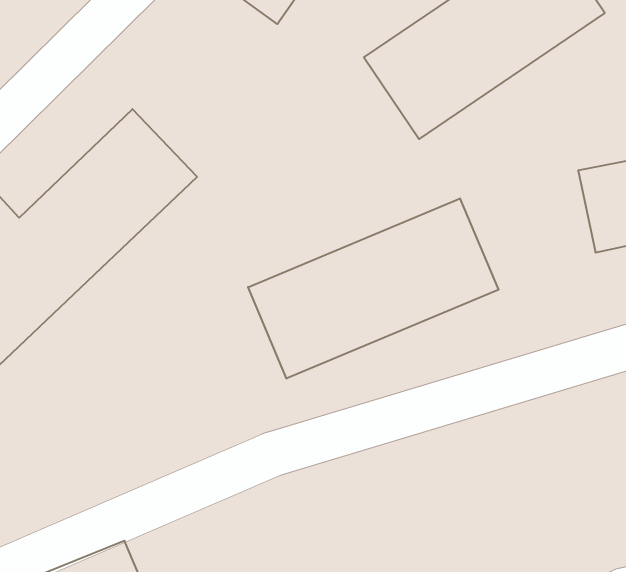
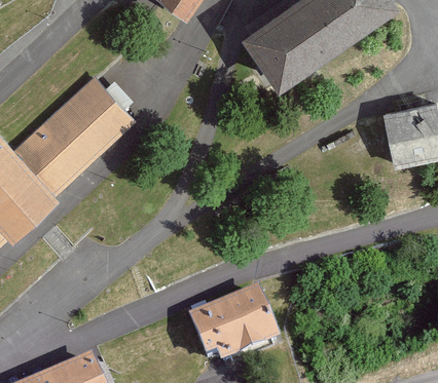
building: [248,198,498,379] -> none
building: none -> [189,282,279,360]

